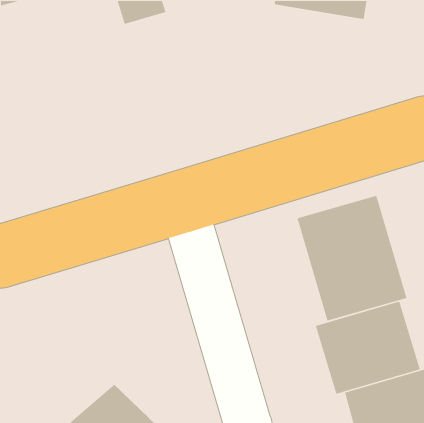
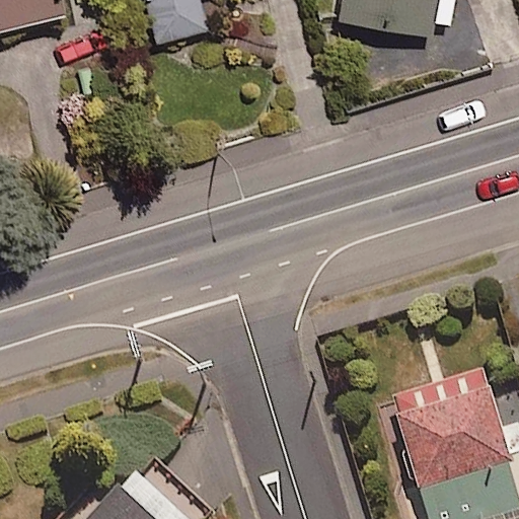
building: [296,195,408,321] -> none

